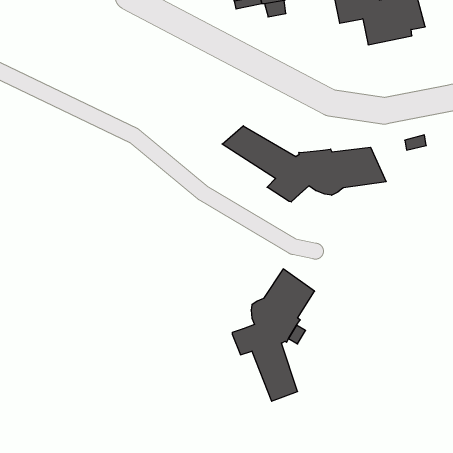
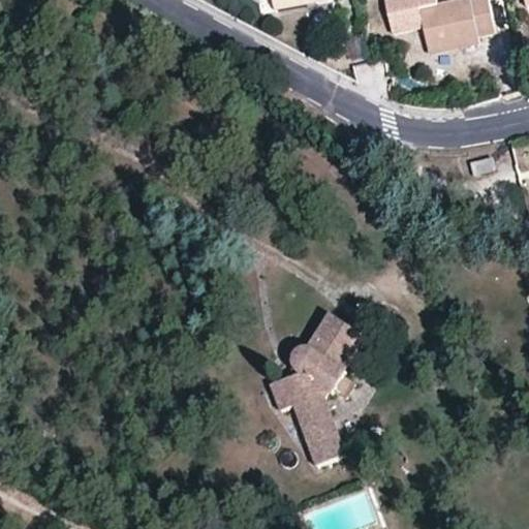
building: [222,126,386,202] -> none

